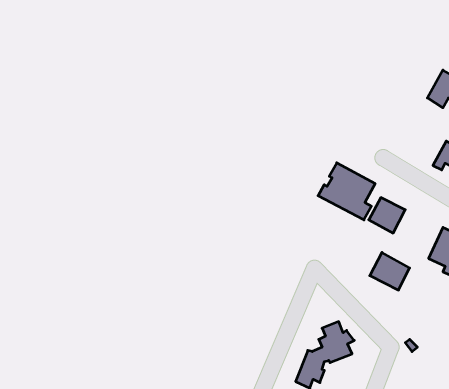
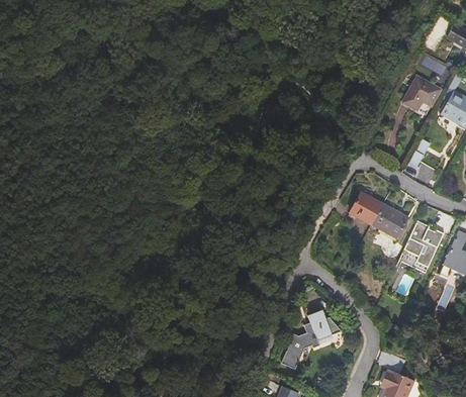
building: [318,163,375,220] -> none
building: [370,252,410,290] -> [371,204,407,238]

